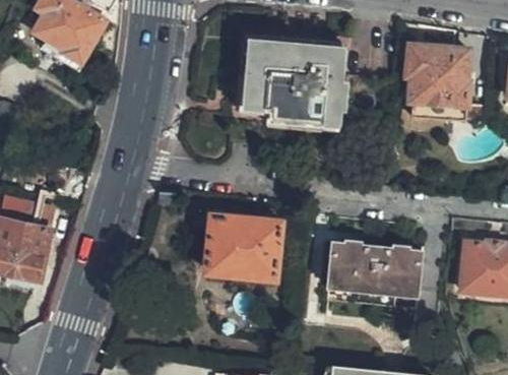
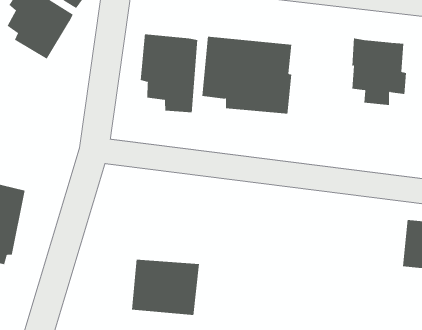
building: none -> [140,34,198,113]
building: [206,214,280,275] -> [131,259,200,316]
building: [331,239,421,289] -> none

